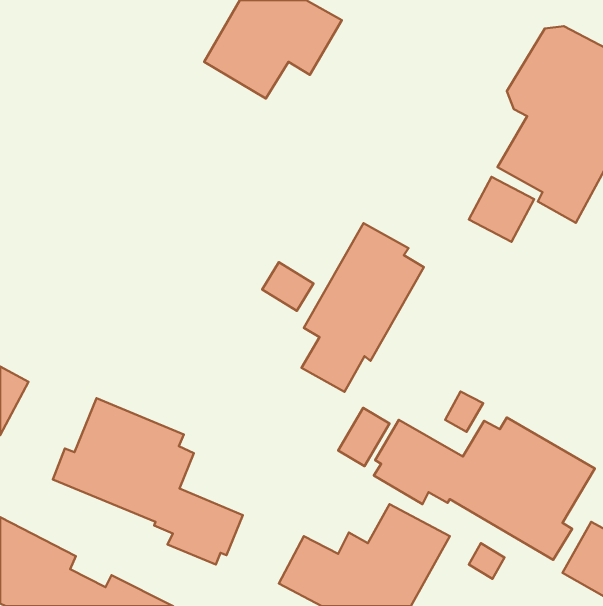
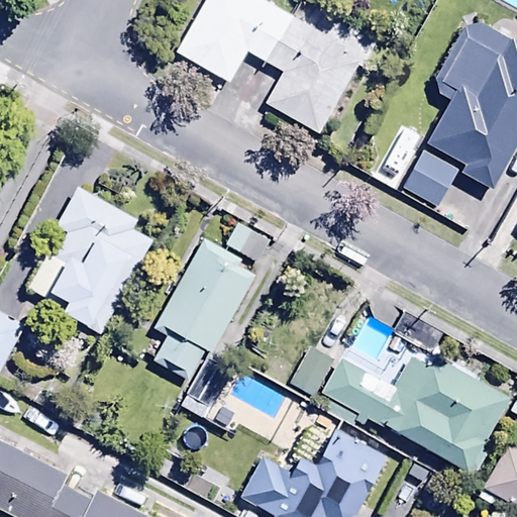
building: none -> [267,17,361,135]
building: none -> [26,186,154,336]
building: [302,223,424,392] -> [152,238,256,382]
building: [53,398,243,565] -> none

